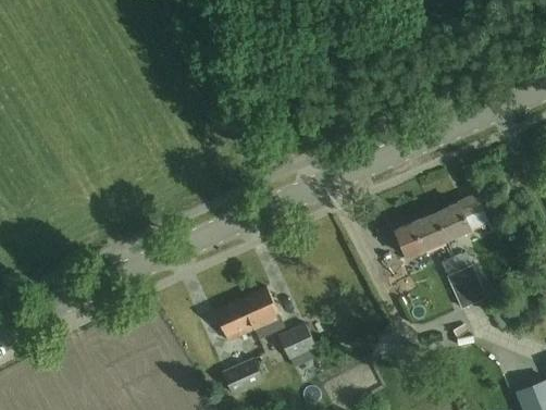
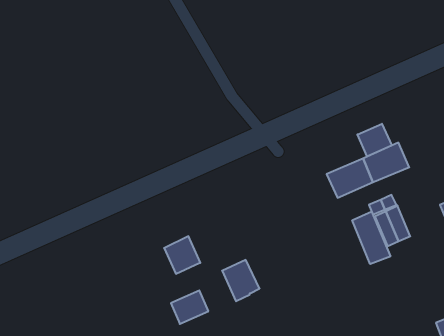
building: none -> [357,124,392,156]
building: none -> [352,212,390,264]
building: [243,287,285,337] -> none

